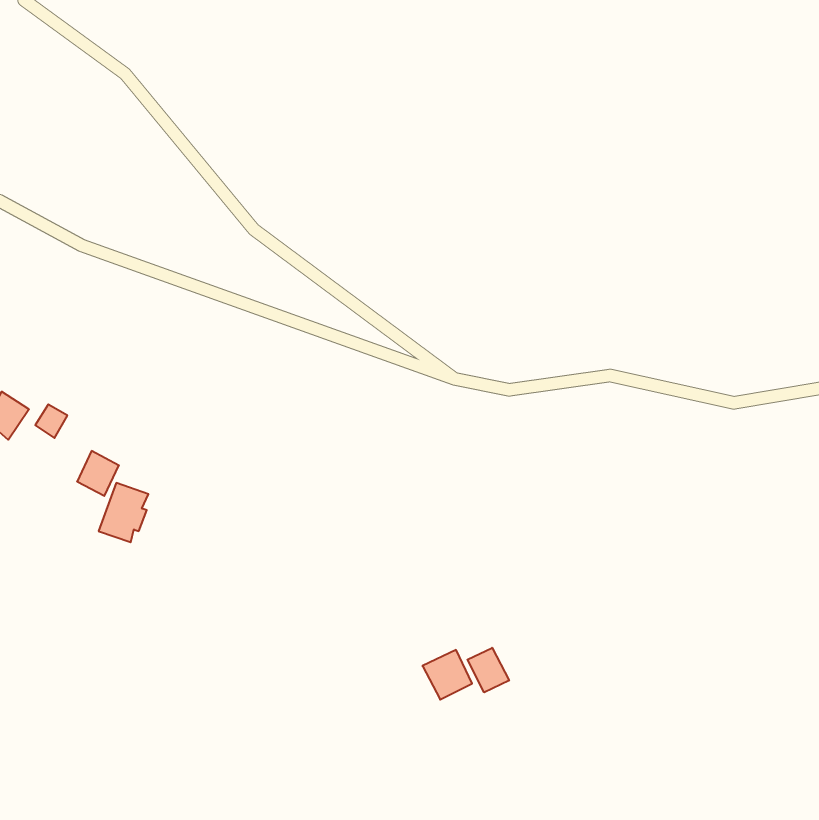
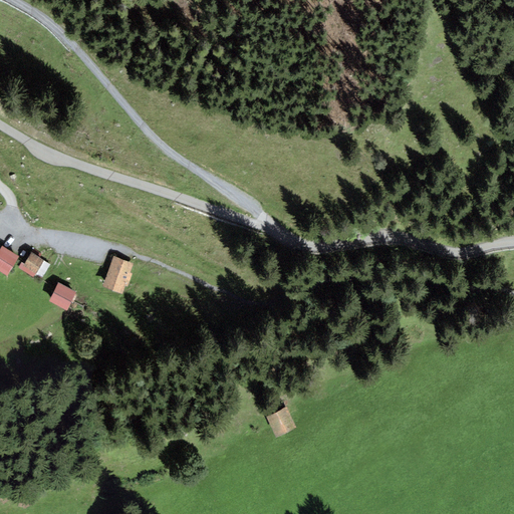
building: [99,483,148,542] -> [101,256,133,293]
building: [467,648,509,692] -> none

